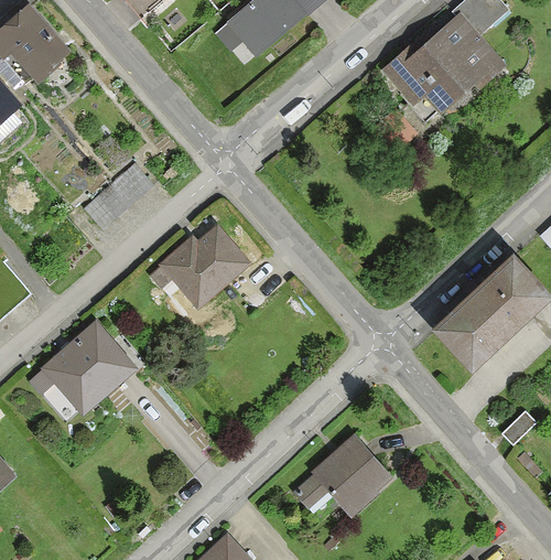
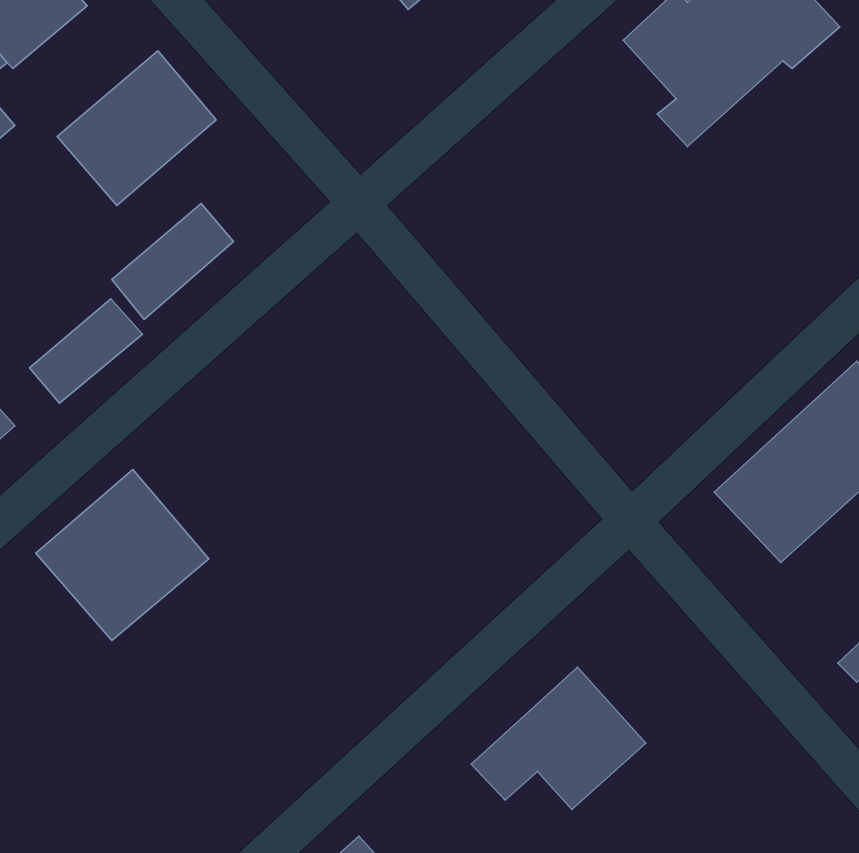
building: none -> [57,51,216,206]
building: none -> [30,299,142,403]
building: [156,224,248,308] -> none

